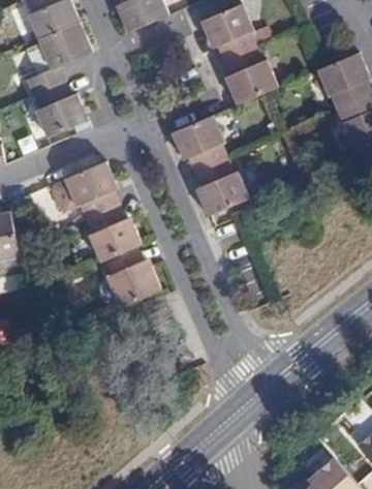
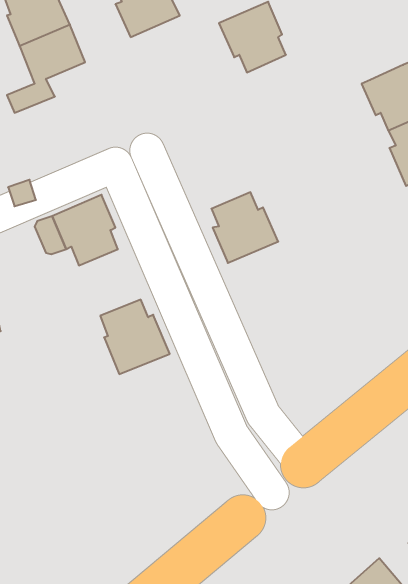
building: [223,45,277,103] -> none
building: [33,80,88,136] -> none
building: [171,114,226,172] -> none
building: [86,205,141,262] -> none

